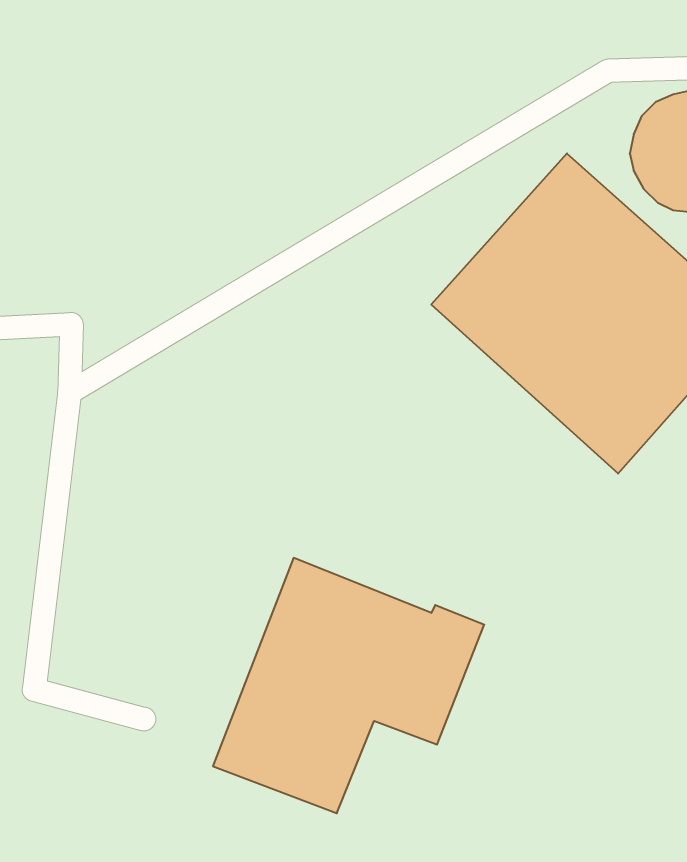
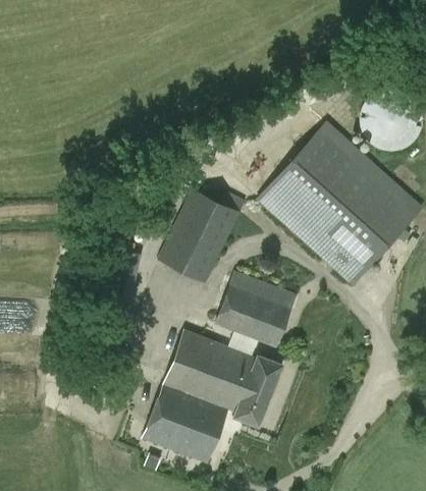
building: none -> [157,188,241,283]
building: none -> [215,271,297,348]

